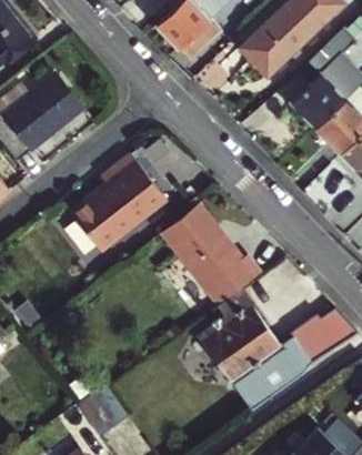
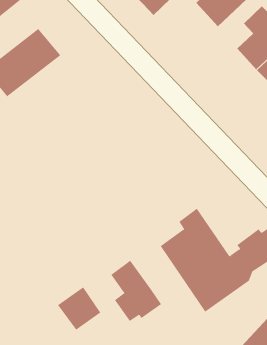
building: [72,150,170,247] -> none
building: [162,203,262,304] -> none
building: none -> [110,260,162,322]

